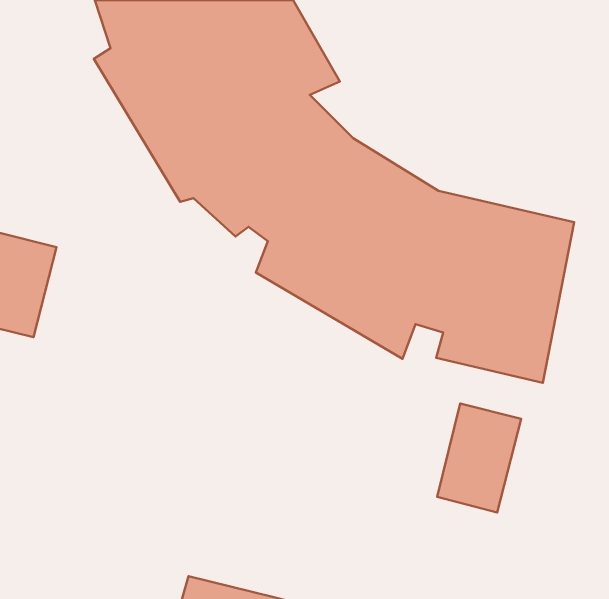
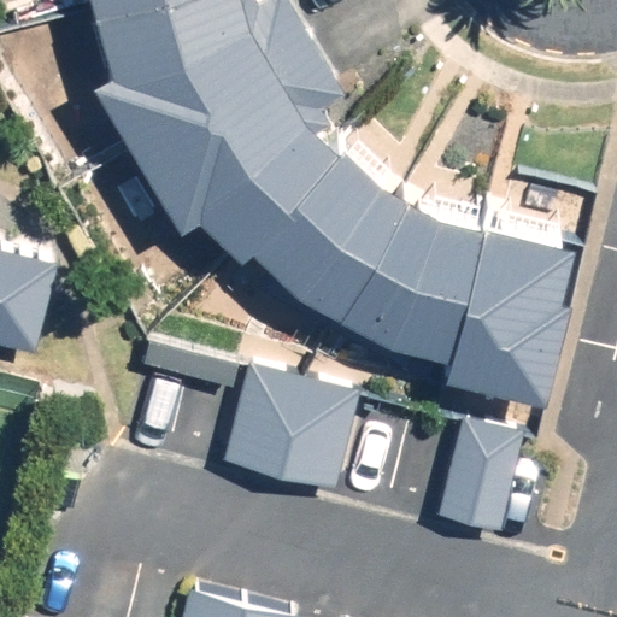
building: none -> [223,363,359,488]

